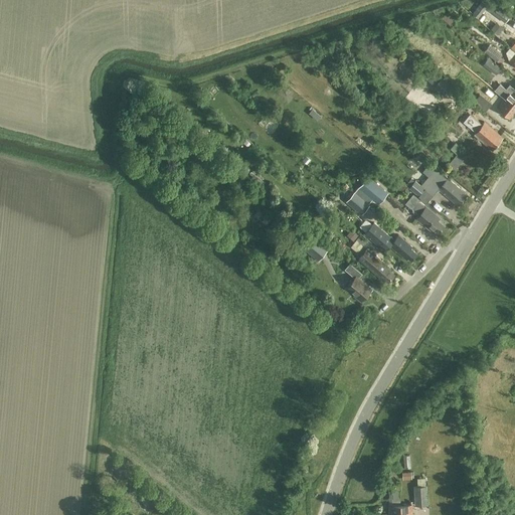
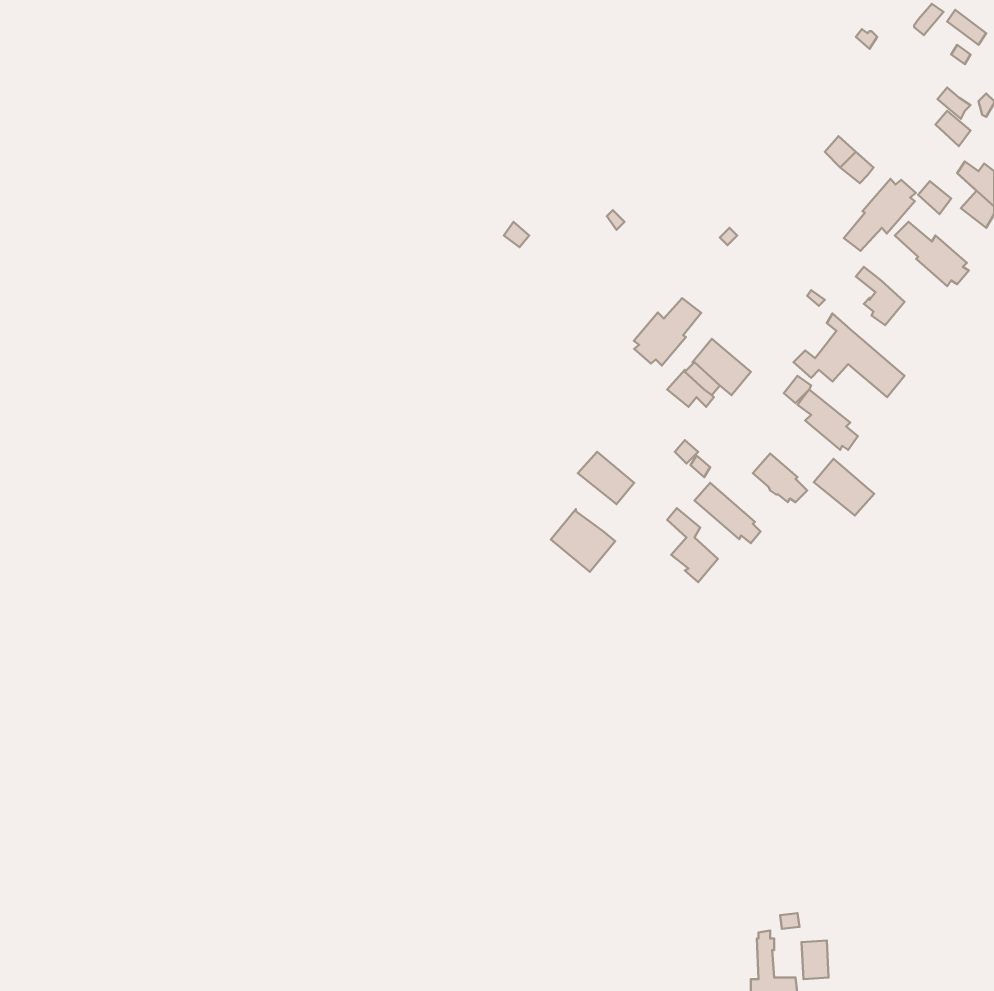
building: none -> [844,179,916,251]
building: none -> [634,298,701,366]
building: [363,223,394,252] -> [814,459,874,515]
building: none -> [551,509,615,572]

